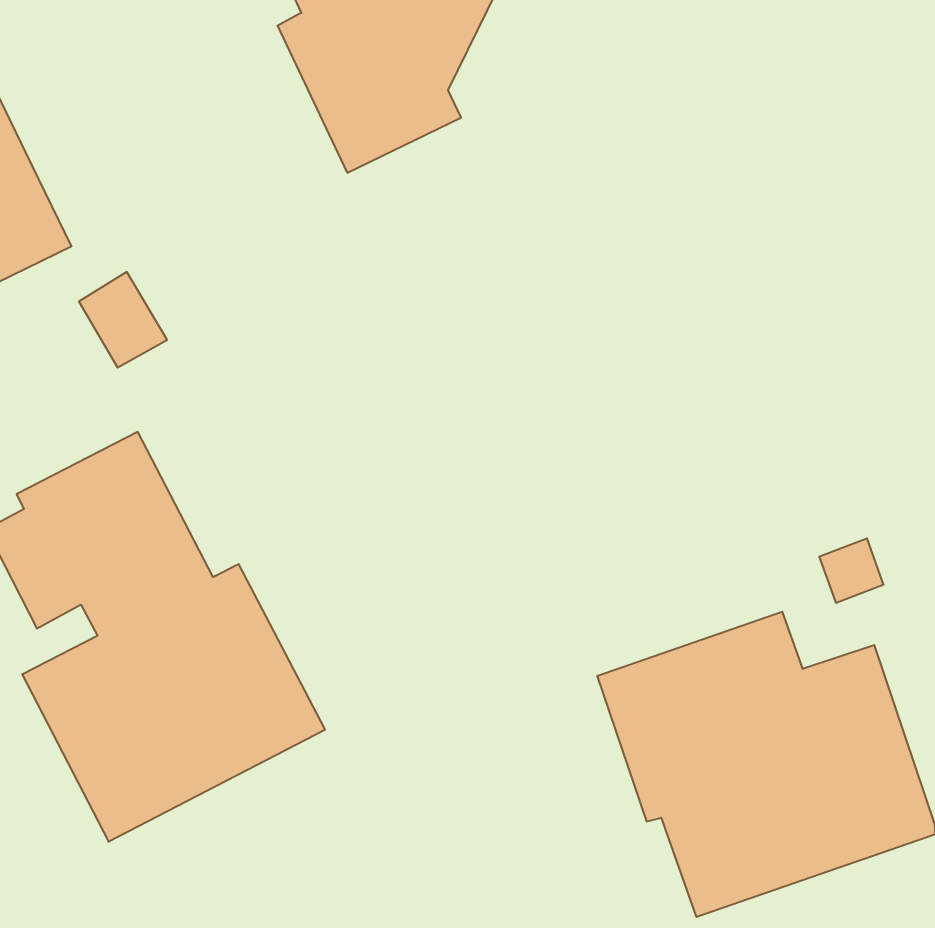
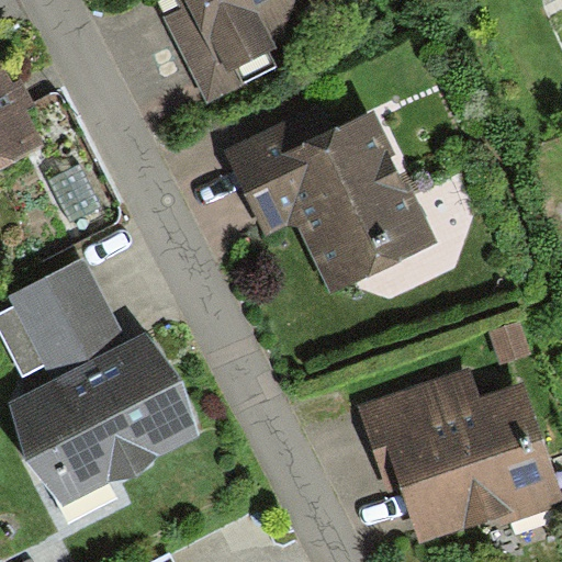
building: none -> [222,85,436,293]

